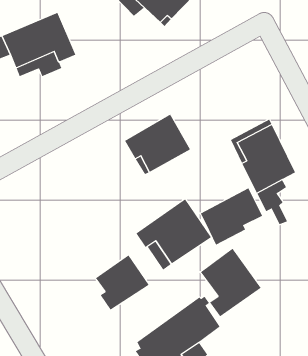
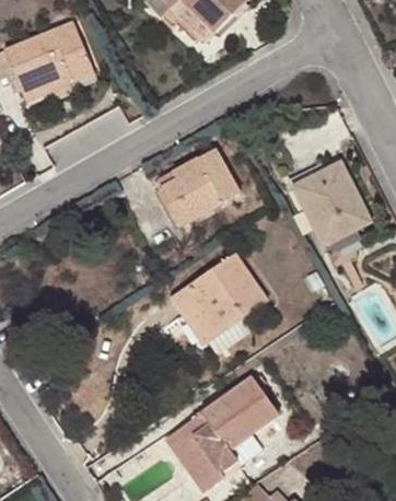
building: [200,187,263,246] -> none
building: [200,248,262,317] -> none
building: [95,255,149,311] -> none

